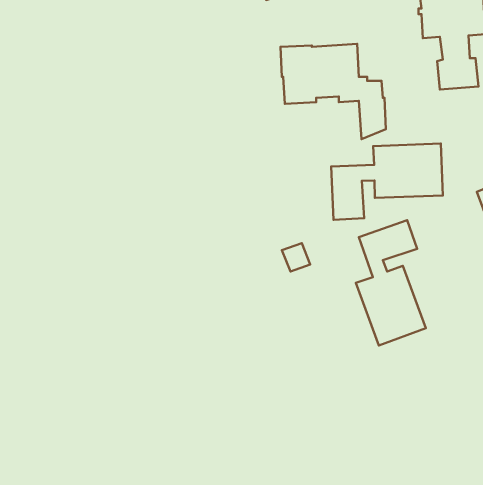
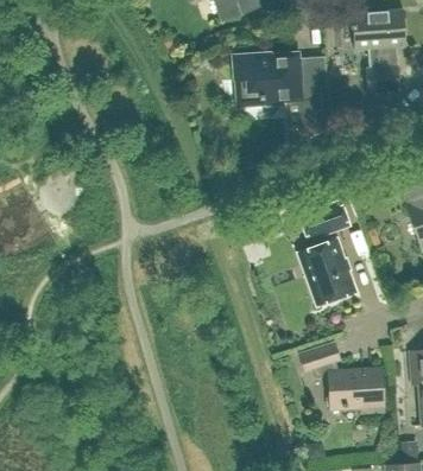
building: [331,144,443,220] -> none
building: none -> [299,342,385,413]

